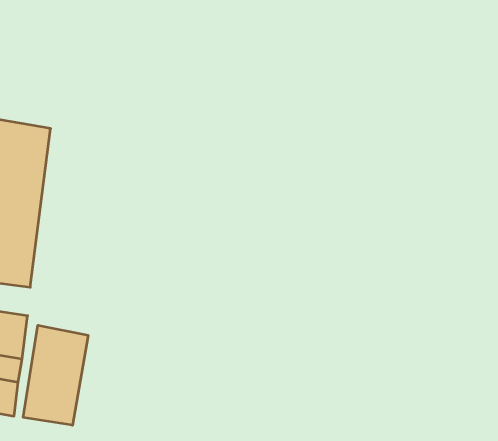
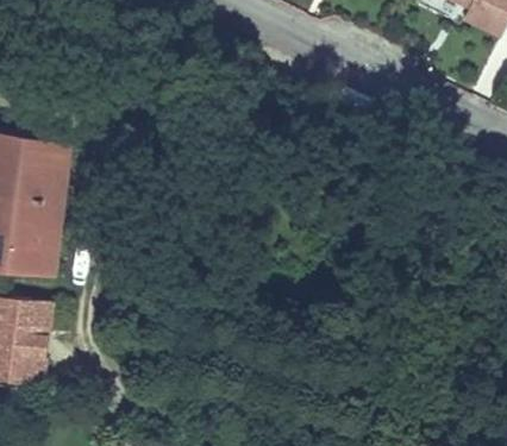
building: [23,325,88,425] -> none

